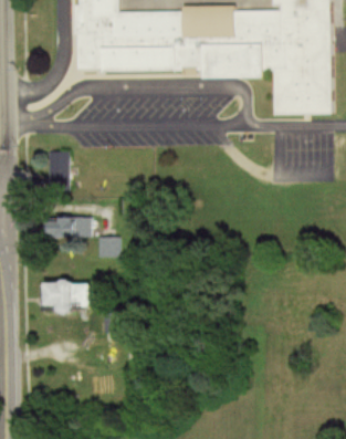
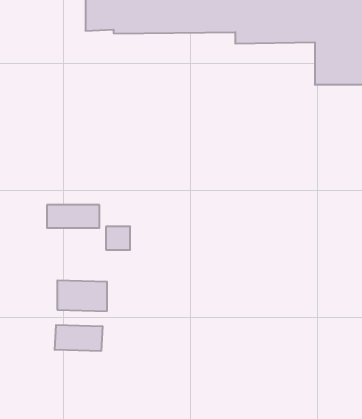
building: [45,151,66,181] -> none
building: none -> [55,325,102,351]

